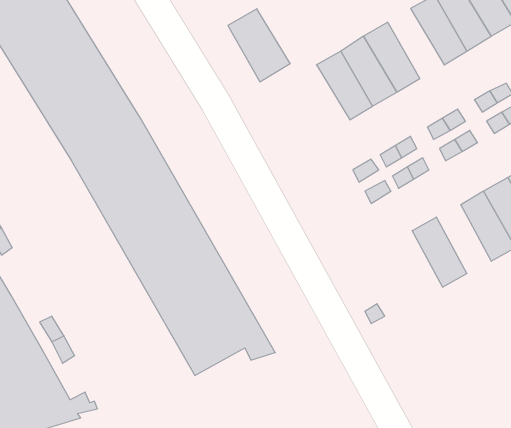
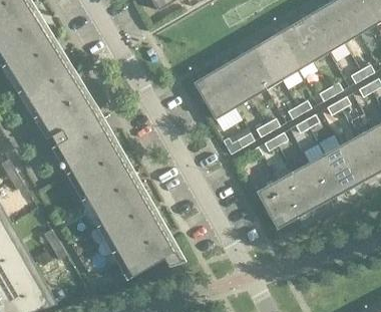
building: none -> [260,34,297,80]
building: [228,9,290,82] -> [194,71,235,119]
building: none -> [292,164,328,209]
building: none -> [256,181,296,229]

